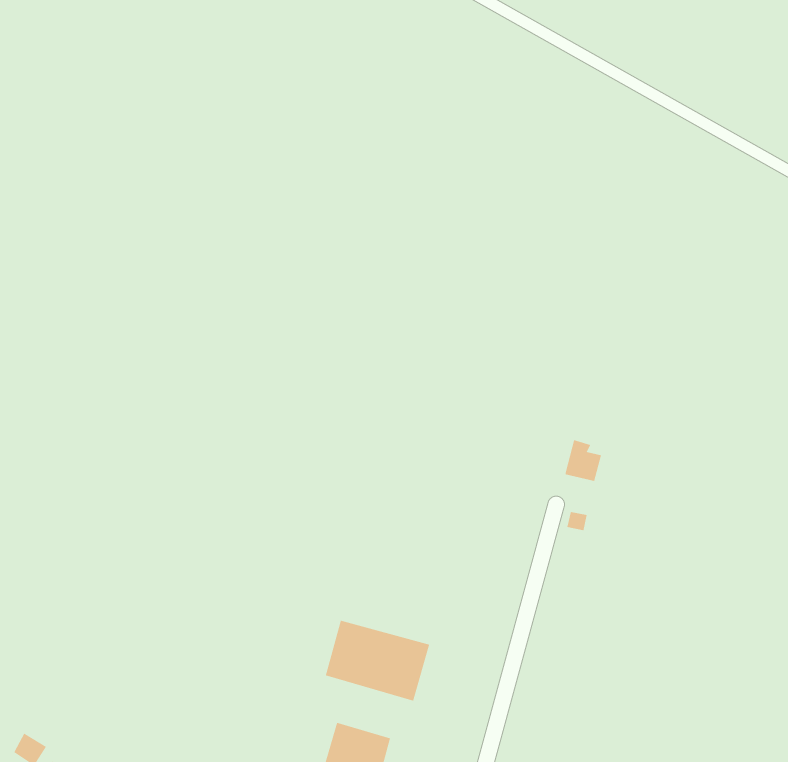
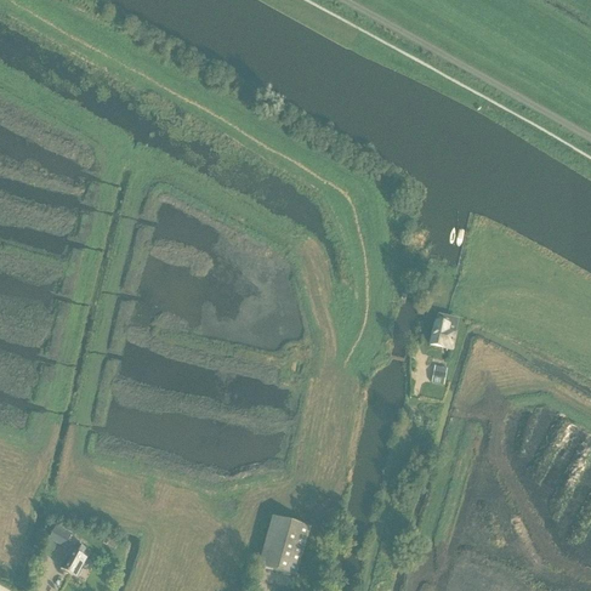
building: [325,620,430,702] -> none

